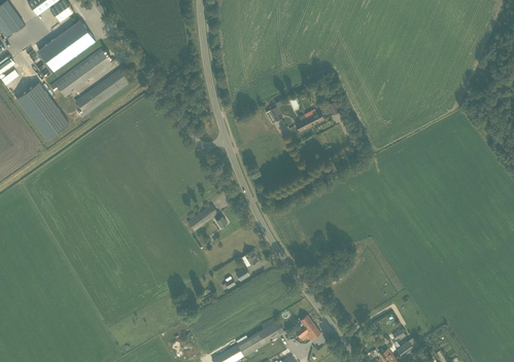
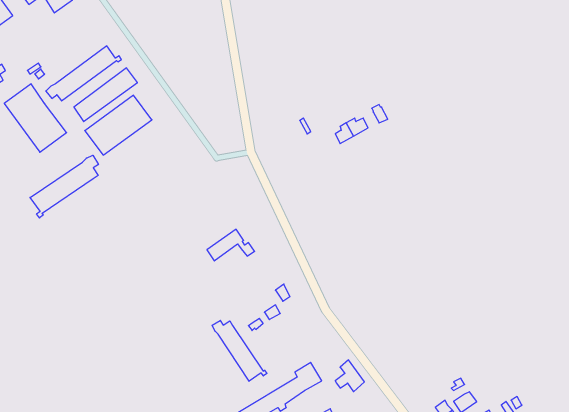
building: [38,20,95,70] -> [85,95,152,155]
building: none -> [30,155,98,218]
building: none -> [212,320,267,381]

